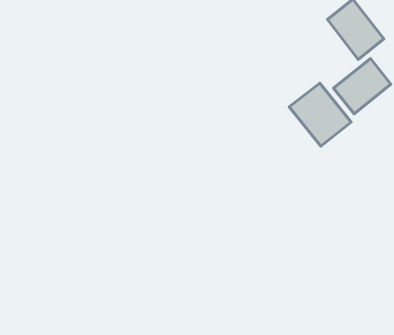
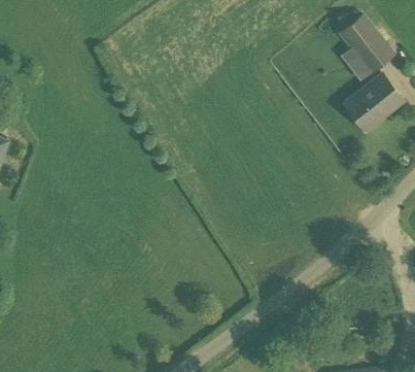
building: [289,83,351,146] -> none

